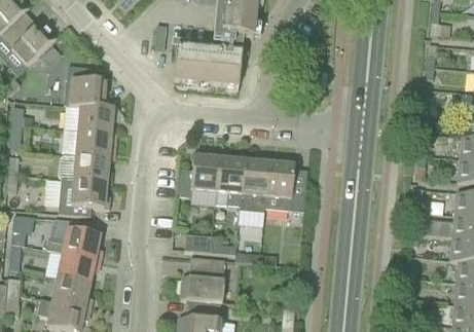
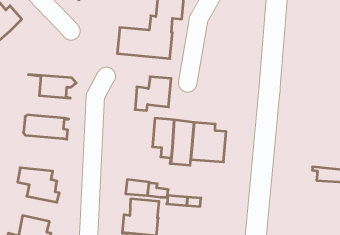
building: [64,66,117,108] -> none
building: [75,130,115,158] -> none
building: [175,155,219,196] -> [135,77,171,110]
building: [57,178,109,216] -> none
building: [57,253,99,284] -> none

